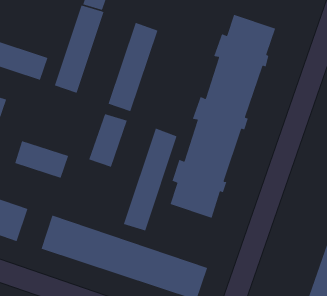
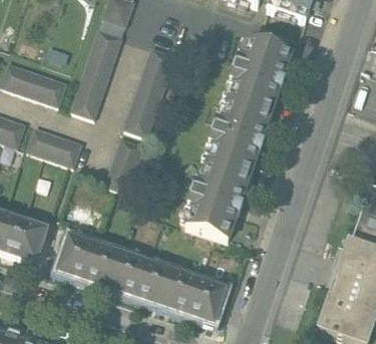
building: [123,128,178,232] -> none
building: [14,140,69,179] -> [28,124,82,162]

